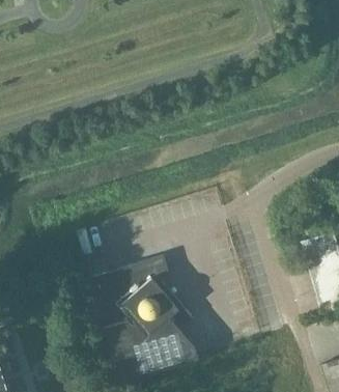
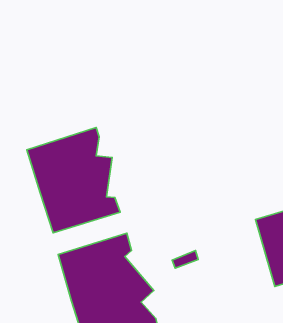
building: none -> [27,128,120,233]

